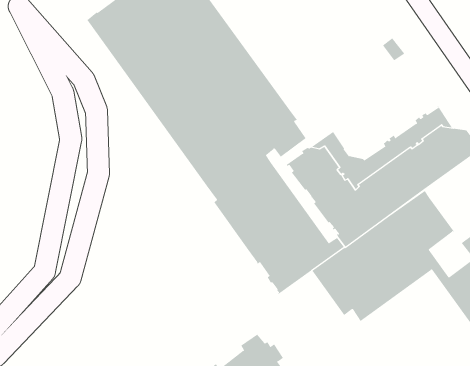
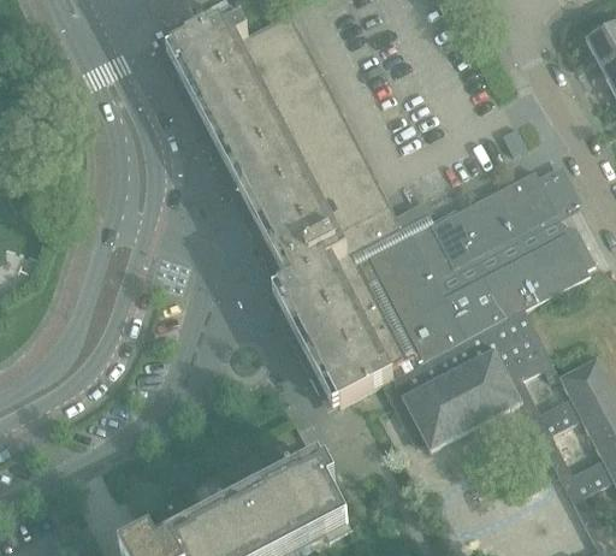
building: none -> [431,168,567,262]

